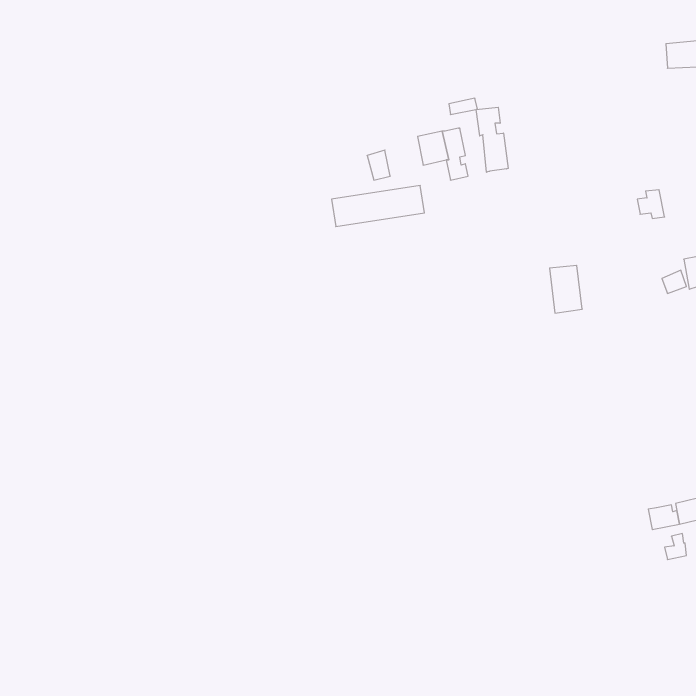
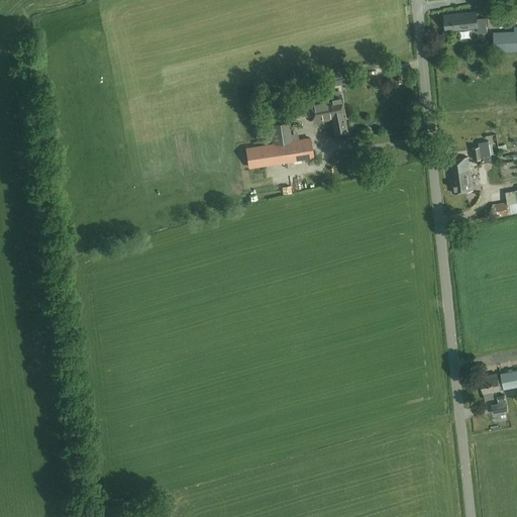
building: none -> [444,12,488,33]
building: [476,107,508,172] -> none
building: [550,265,582,313] -> [449,159,474,194]

